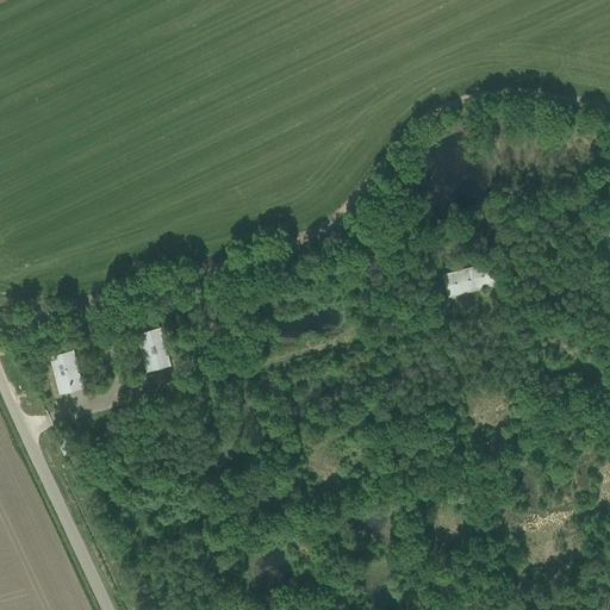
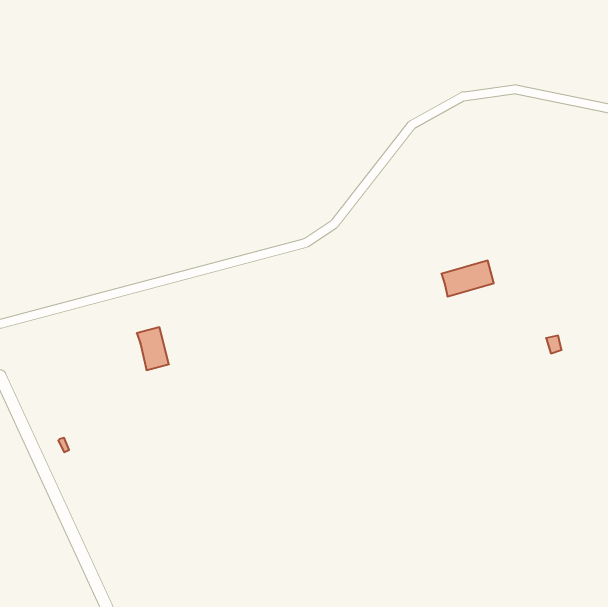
building: [50,351,82,394] -> none

